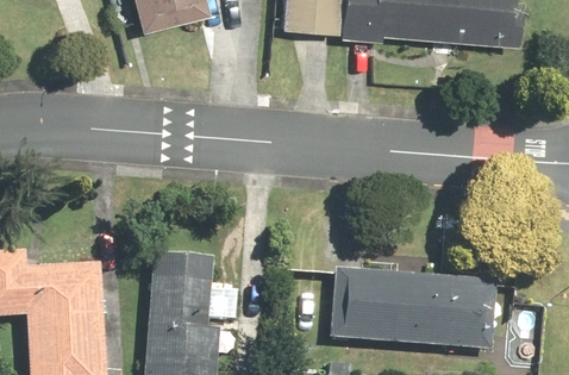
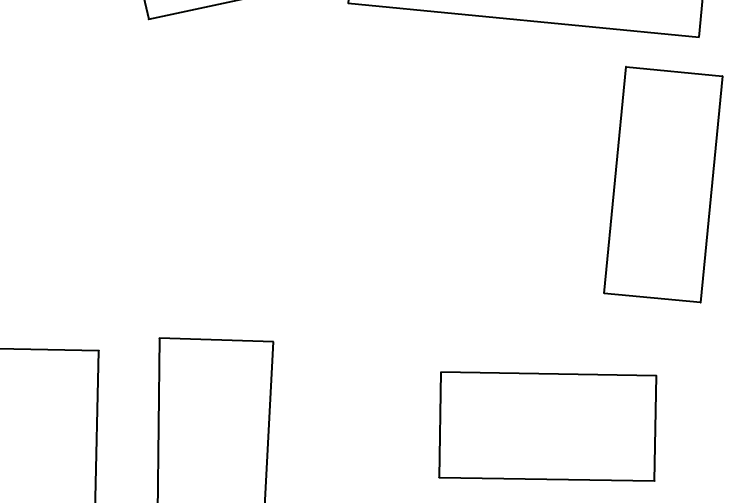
building: none -> [604,67,722,303]

